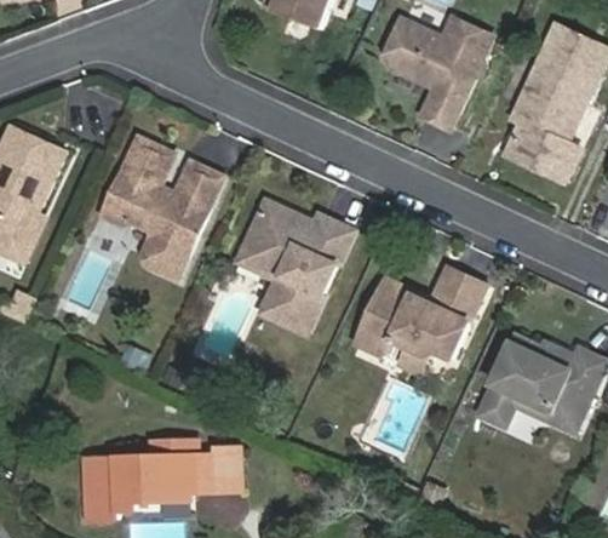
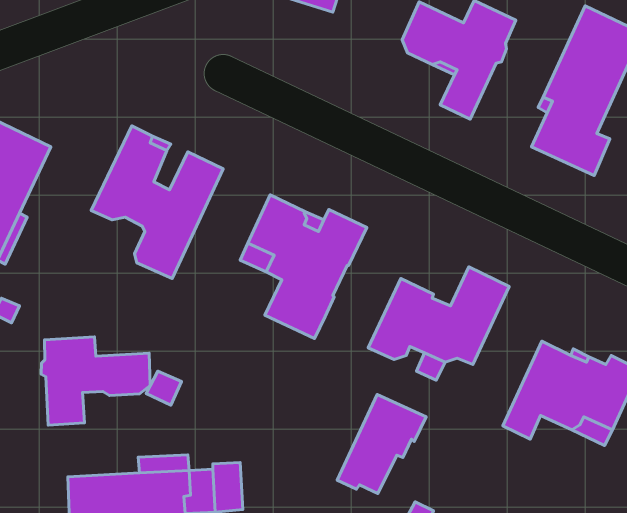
building: none -> [41,337,150,425]
building: none -> [337,395,426,493]

